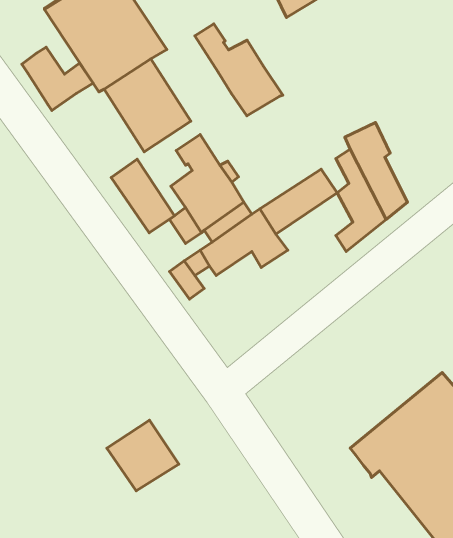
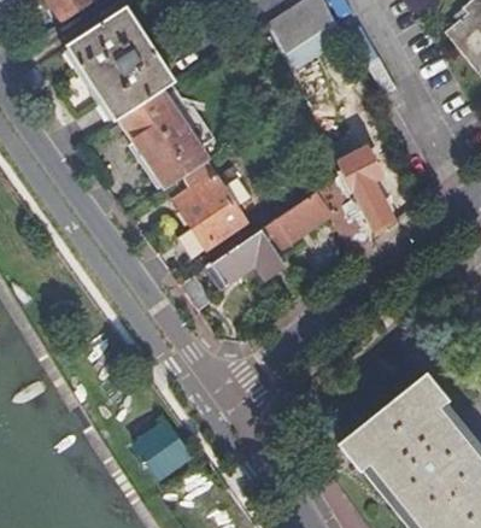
building: [195,24,283,116] -> none
building: [22,47,93,110] -> none
building: [111,159,174,233] -> none

